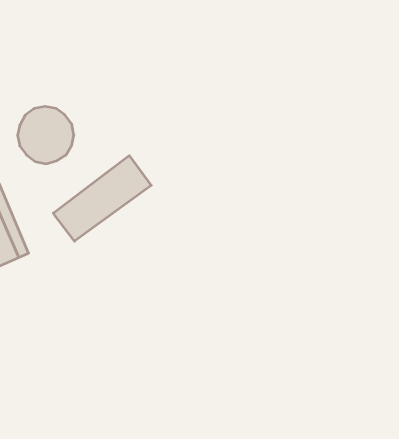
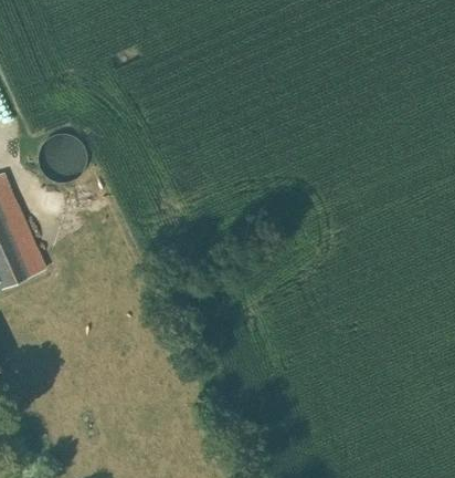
building: [53,156,151,241] -> none

